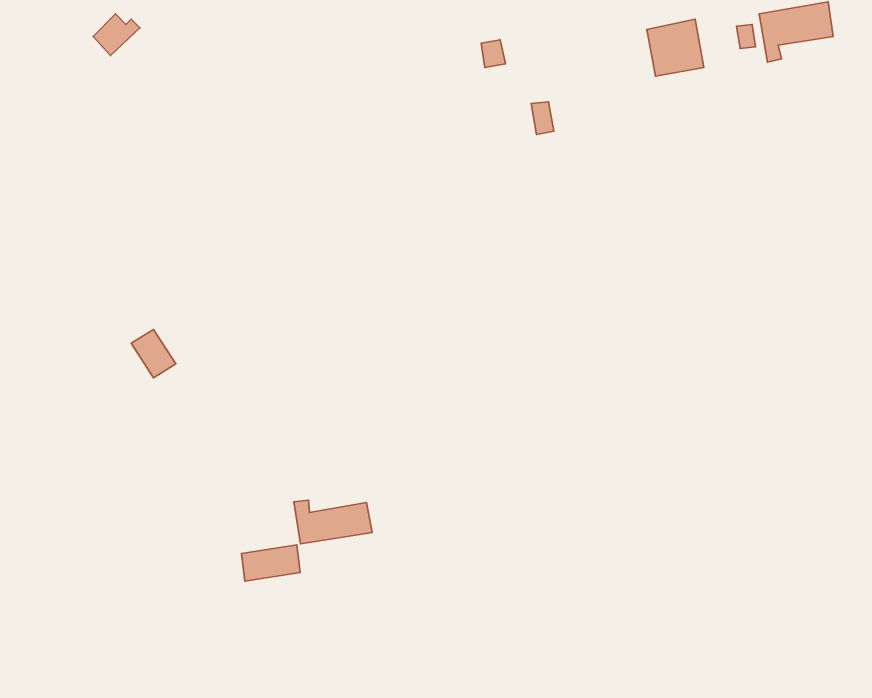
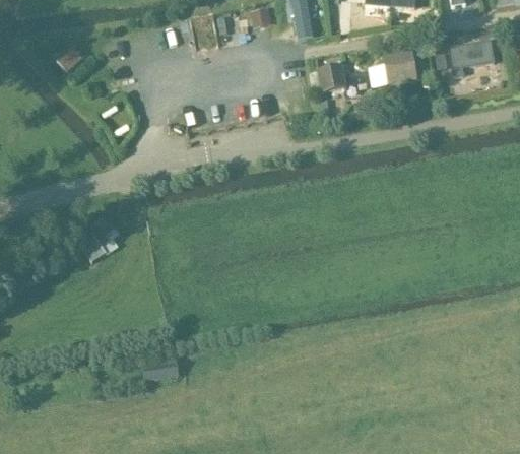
building: none -> [317,65,345,90]
building: [294,500,372,544] -> none

